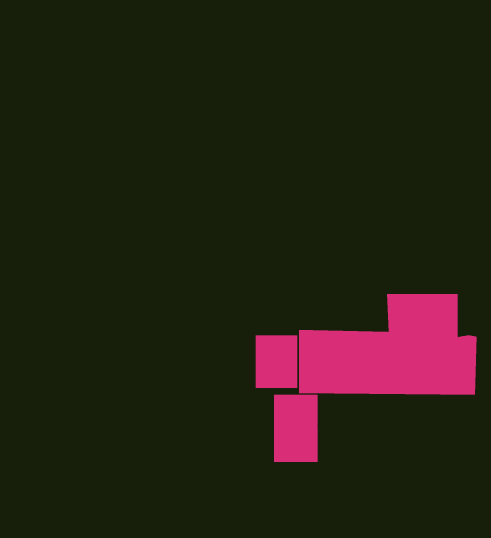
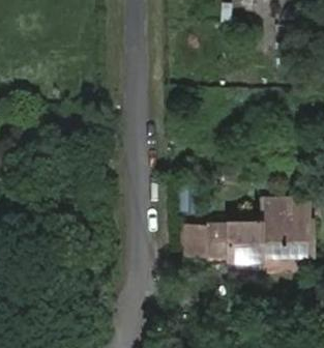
building: [274,394,318,463] -> none

